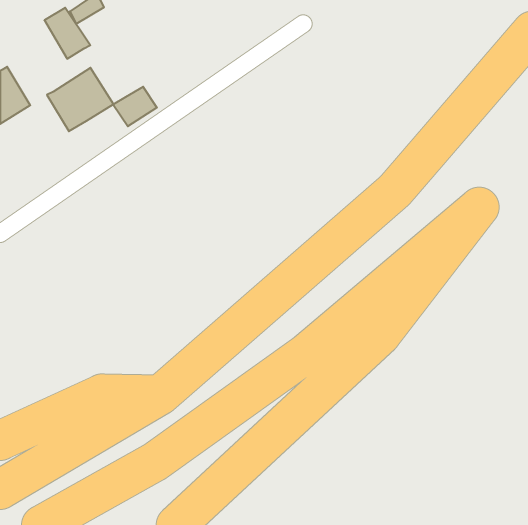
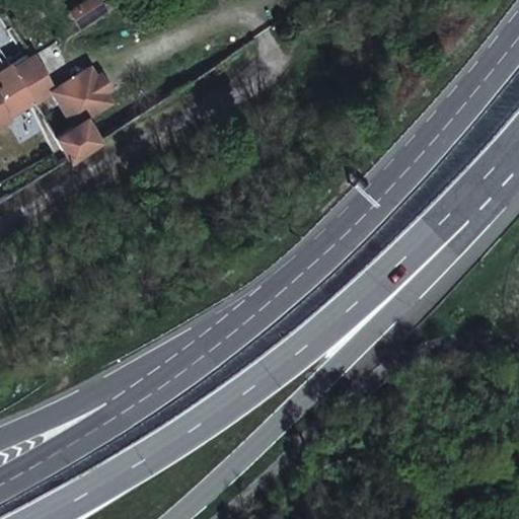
building: [44,8,90,59] -> [11,53,56,102]
building: [113,87,157,126] -> [59,118,101,156]

